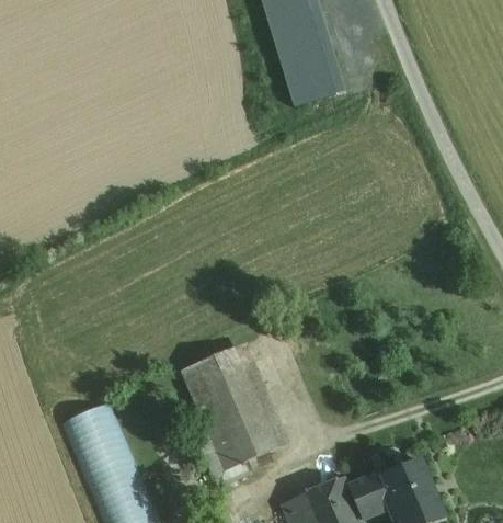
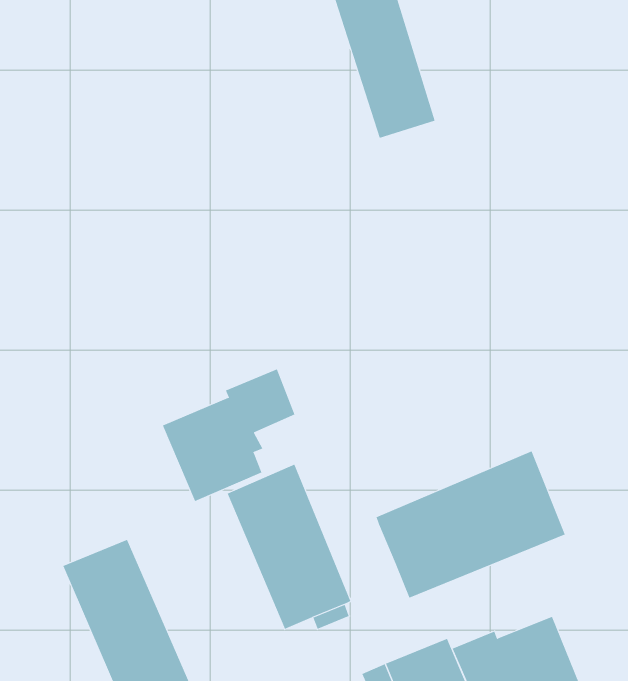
building: none -> [162,368,295,502]
building: none -> [376,451,565,598]

